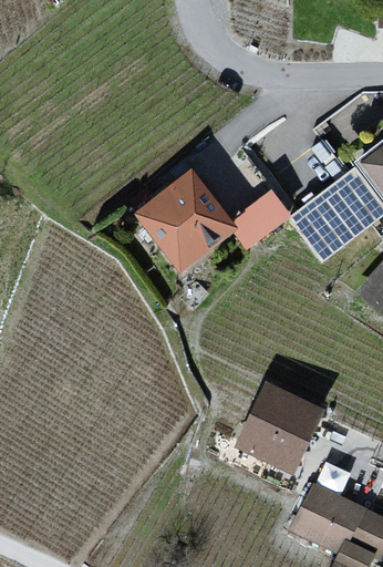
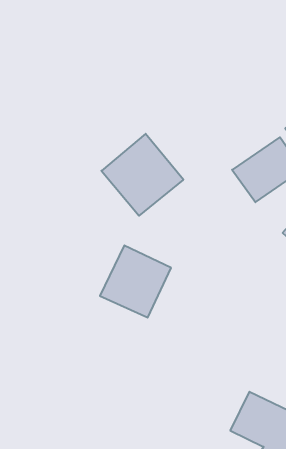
building: [232,189,288,239] -> none
building: [236,383,323,472] -> [100,245,171,318]

